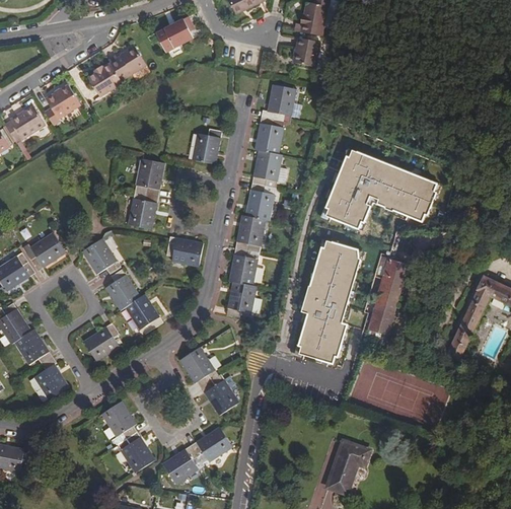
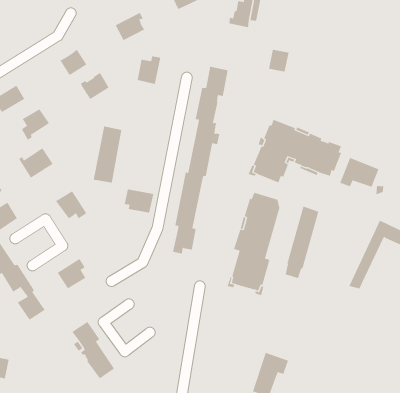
building: [293,38,319,66] -> [268,49,289,72]
building: [107,45,144,79] -> [80,72,110,100]
building: [44,85,79,125] -> [21,109,50,140]
building: [192,128,222,163] -> [137,56,161,84]
building: none -> [340,157,379,188]
building: [22,231,66,270] -> [18,147,53,178]
building: [105,268,163,329] -> none
building: [179,346,239,414] -> none
building: [162,425,232,484] -> none

